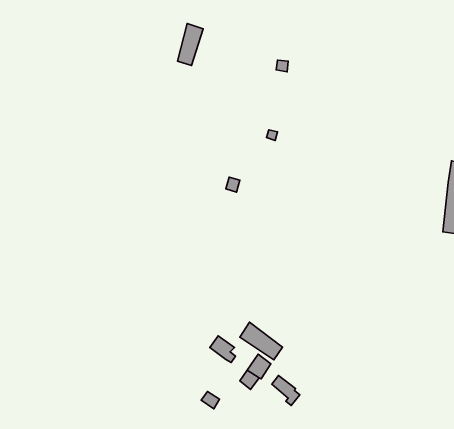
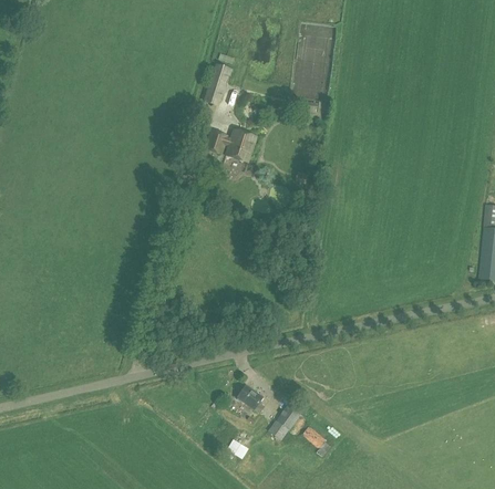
building: none -> [205,127,256,160]
building: [240,322,283,360] -> none

